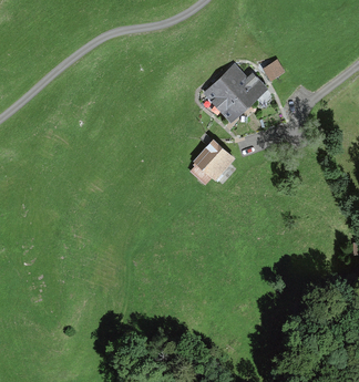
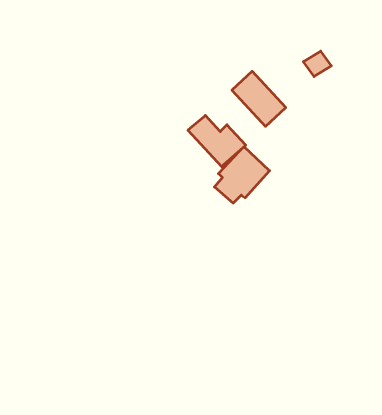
building: [220,64,268,106] -> [188,115,246,167]

